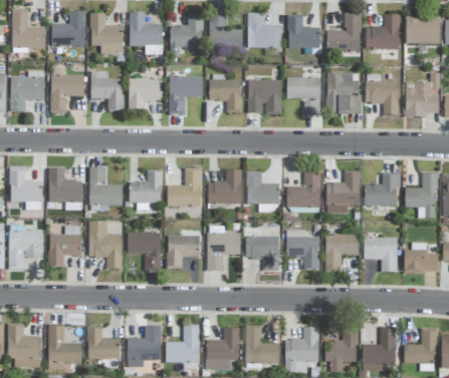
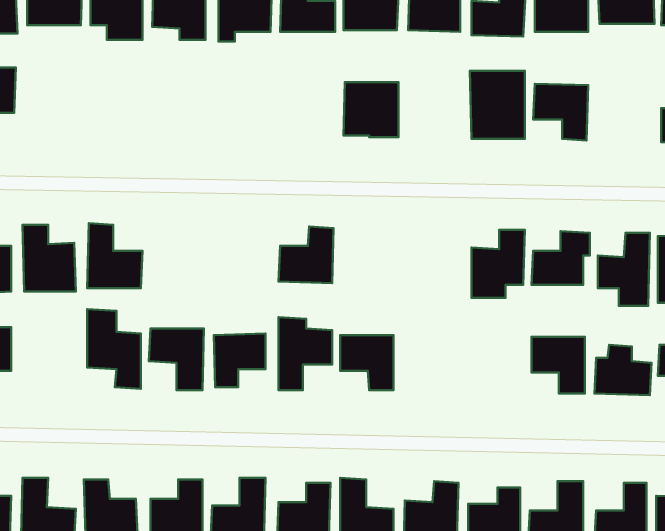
building: [169,68,202,113] -> none
building: [90,70,124,110] -> none
building: [405,72,440,116] -> none
building: [209,73,241,111] -> none
building: [50,74,83,112] -> none
building: [286,76,319,115] -> none
building: [129,78,162,111] -> none
building: [167,167,201,206] -> none
building: [129,168,162,212] -> none
building: [286,168,320,212] -> none
building: [246,170,279,204] -> none
building: [48,226,80,266] -> none
building: [286,229,318,269] -> none
building: [324,234,359,272] -> none

